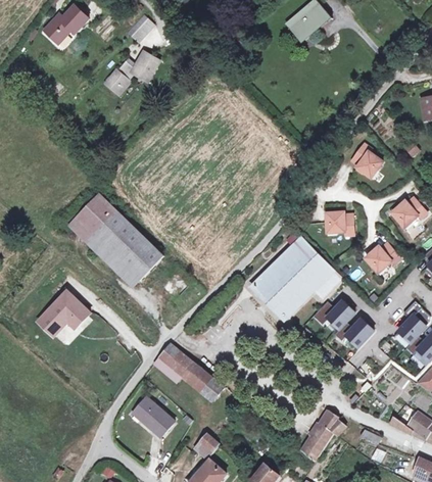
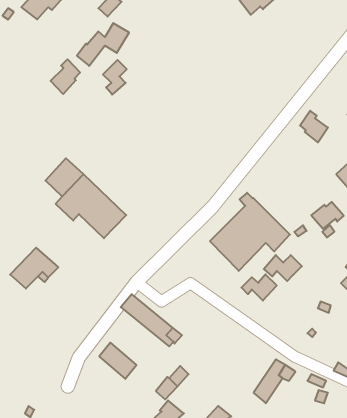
building: none -> [51,59,80,94]
building: none -> [103,60,127,95]
building: [326,210,353,234] -> none
building: [334,319,373,347] -> [241,274,277,301]

